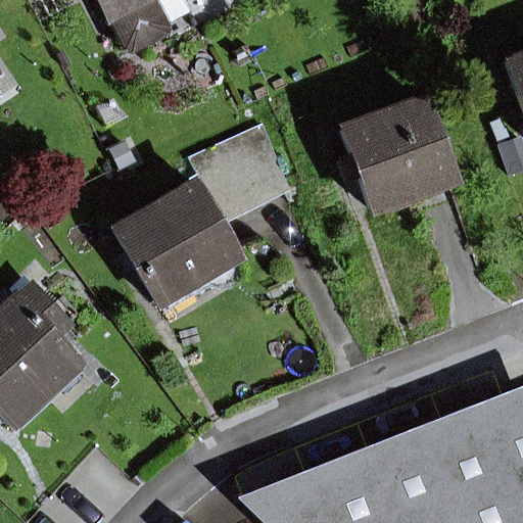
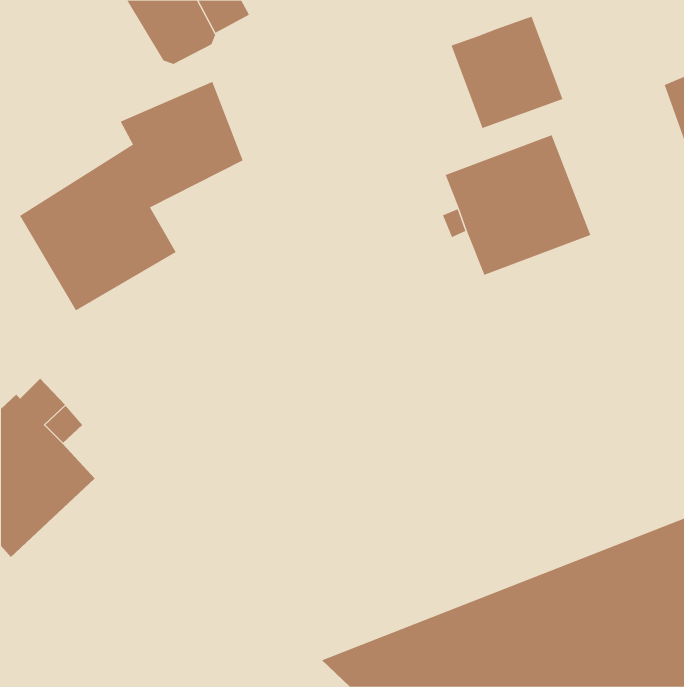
building: none -> [451,16,563,129]
building: [115,129,286,303] -> [19,81,244,311]

